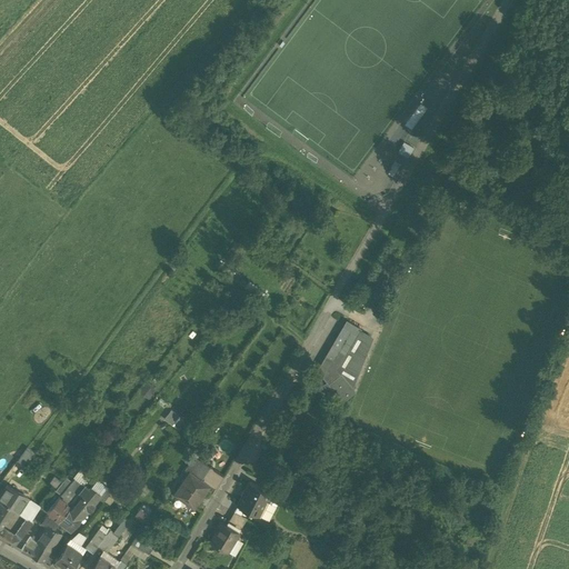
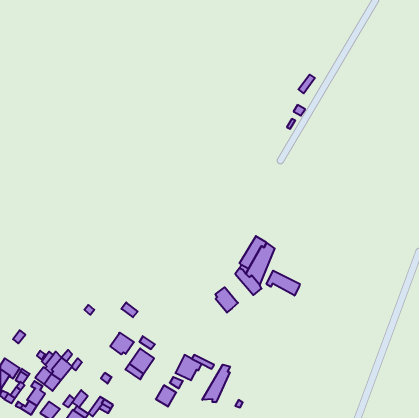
building: none -> [267,271,300,296]
building: none -> [215,287,238,313]
building: none -> [110,333,134,354]
building: none -> [202,365,230,402]

